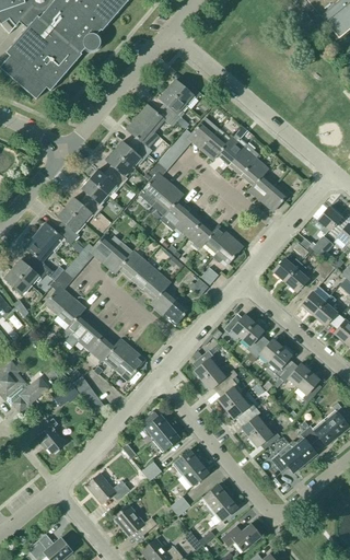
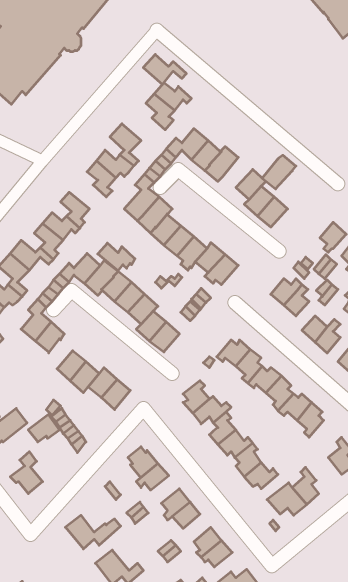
building: [137,104,176,131] -> [143,54,186,84]
building: [229,143,259,174] -> [262,155,296,189]
building: [89,168,122,194] -> [98,243,135,271]
building: [60,312,92,347] -> none
building: [303,420,337,445] -> none

